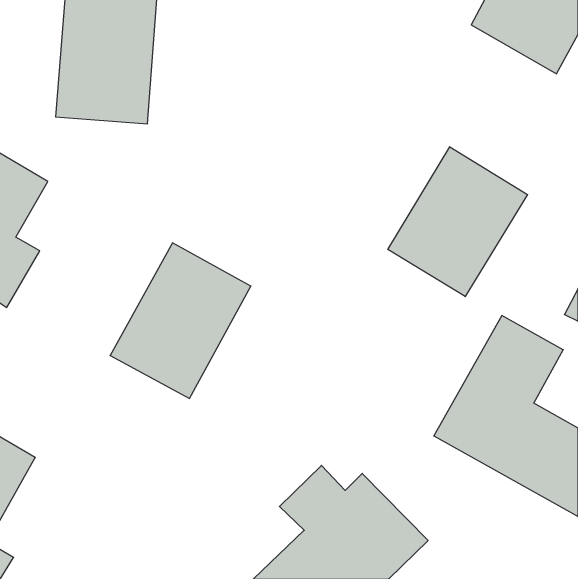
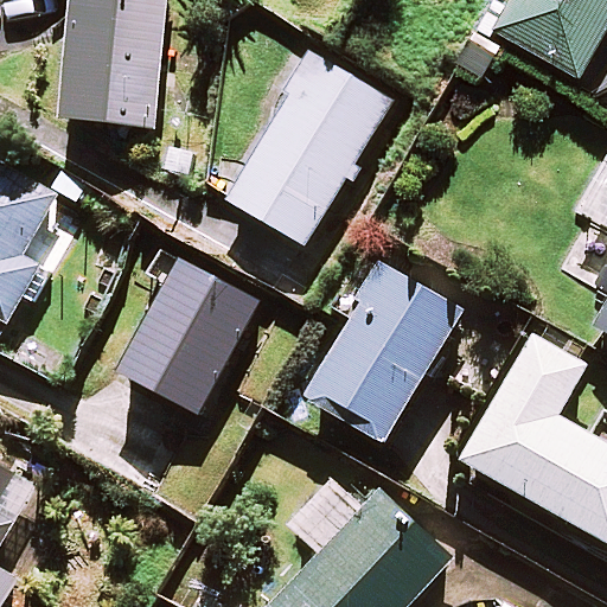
building: none -> [225,51,395,247]
building: [388,147,528,297] -> none
building: none -> [302,266,461,443]

